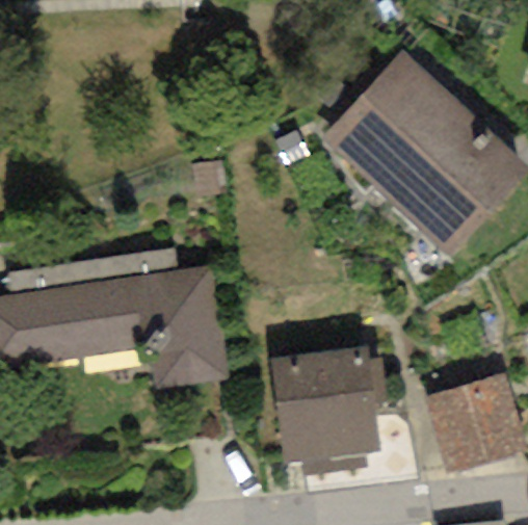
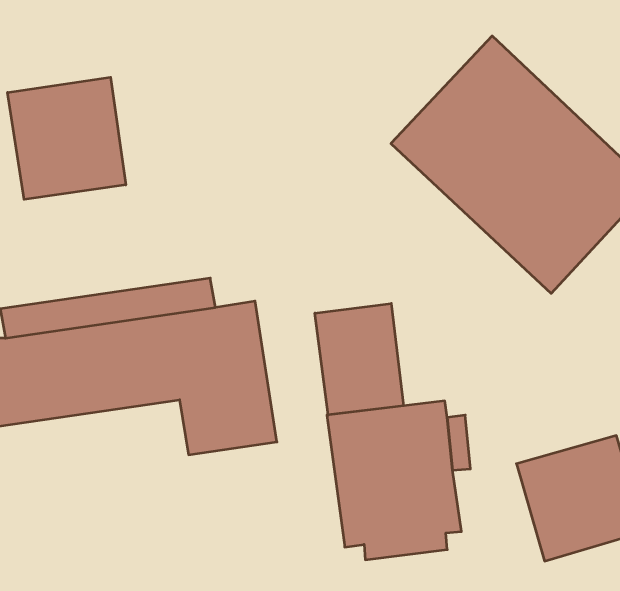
building: none -> [8,77,126,199]
building: none -> [315,303,404,415]

